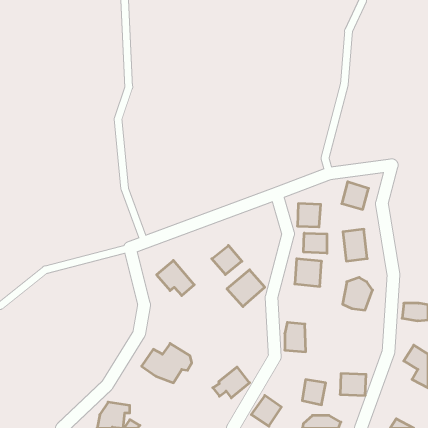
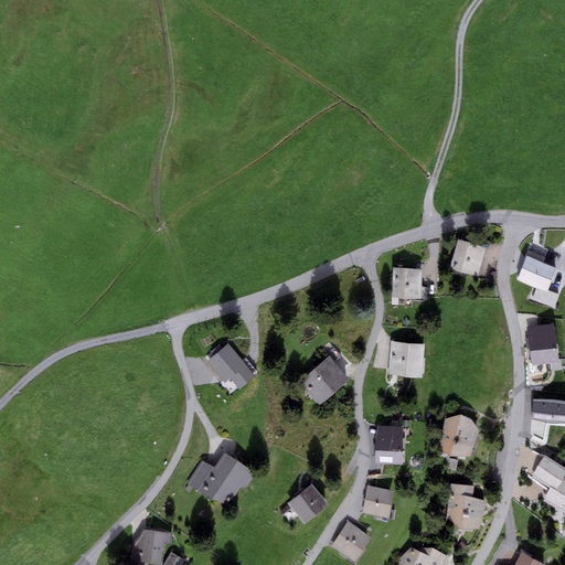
building: none -> [516,255,556,291]
building: [343,229,367,261] -> [526,323,558,365]
building: [304,233,327,253] -> none
building: [212,245,242,275] -> none
building: [343,277,373,310] -> [439,414,479,457]
building: [302,380,326,405] -> [363,486,394,519]

